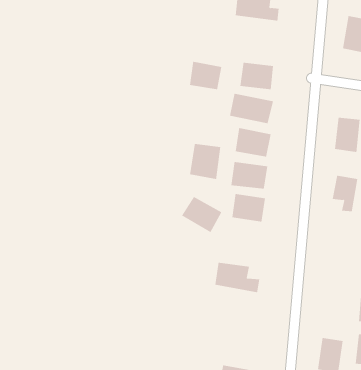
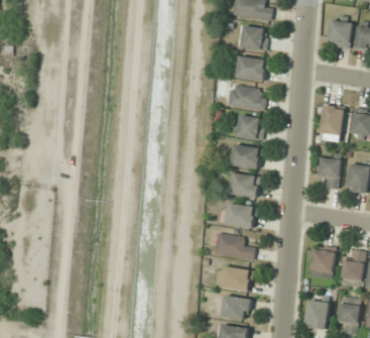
building: [189,61,222,90] -> [241,25,270,50]
building: [189,143,221,180] -> none
building: [181,196,222,233] -> [221,200,257,232]
building: none -> [313,250,334,277]
building: none -> [222,267,251,292]
building: none -> [221,295,252,321]

